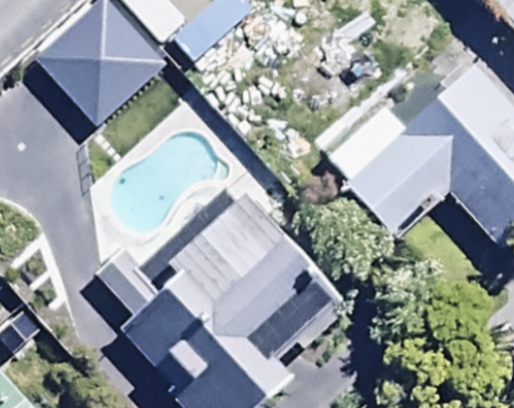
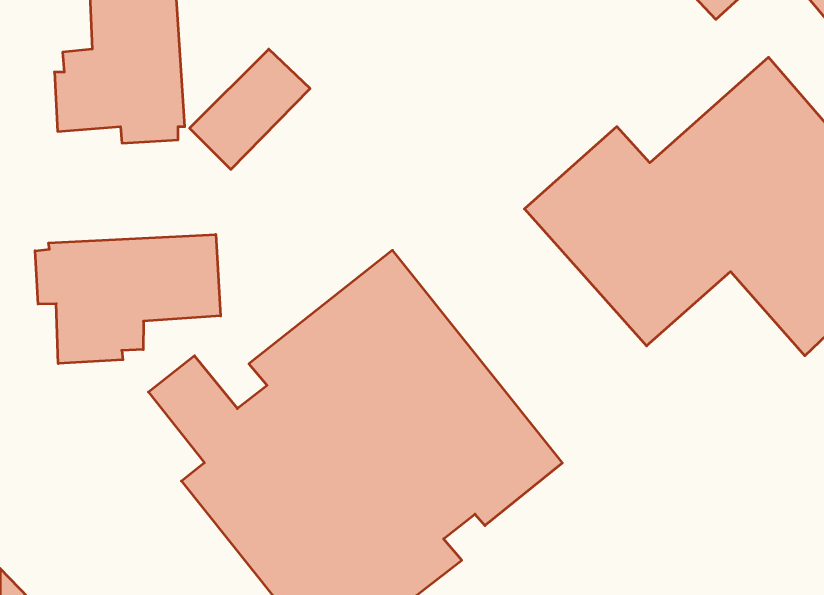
building: none -> [35,234,221,364]

